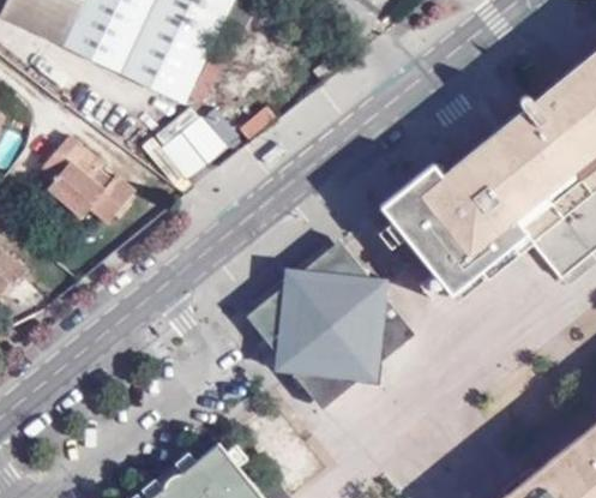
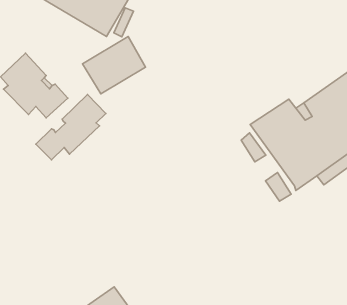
building: none -> [36,94,106,160]
building: [254,239,422,409] -> none

